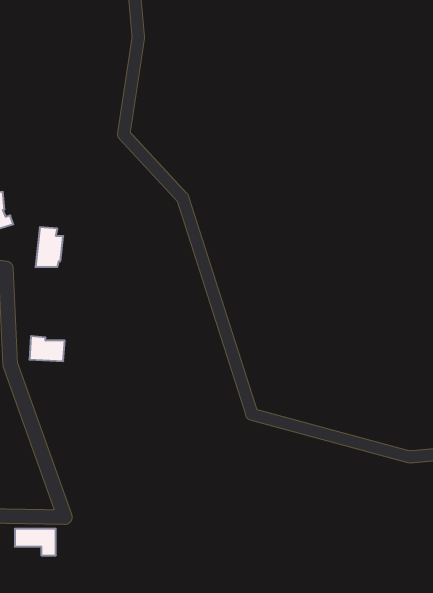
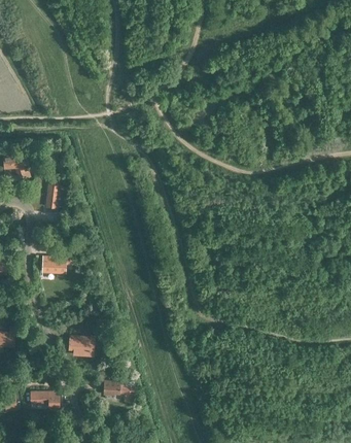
building: none -> [69,338,94,356]
building: none -> [103,381,134,402]

